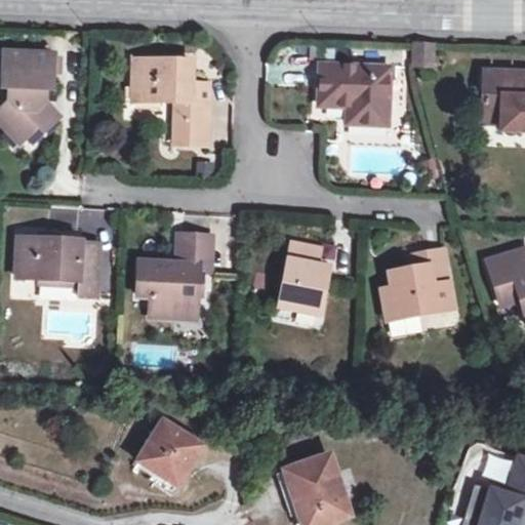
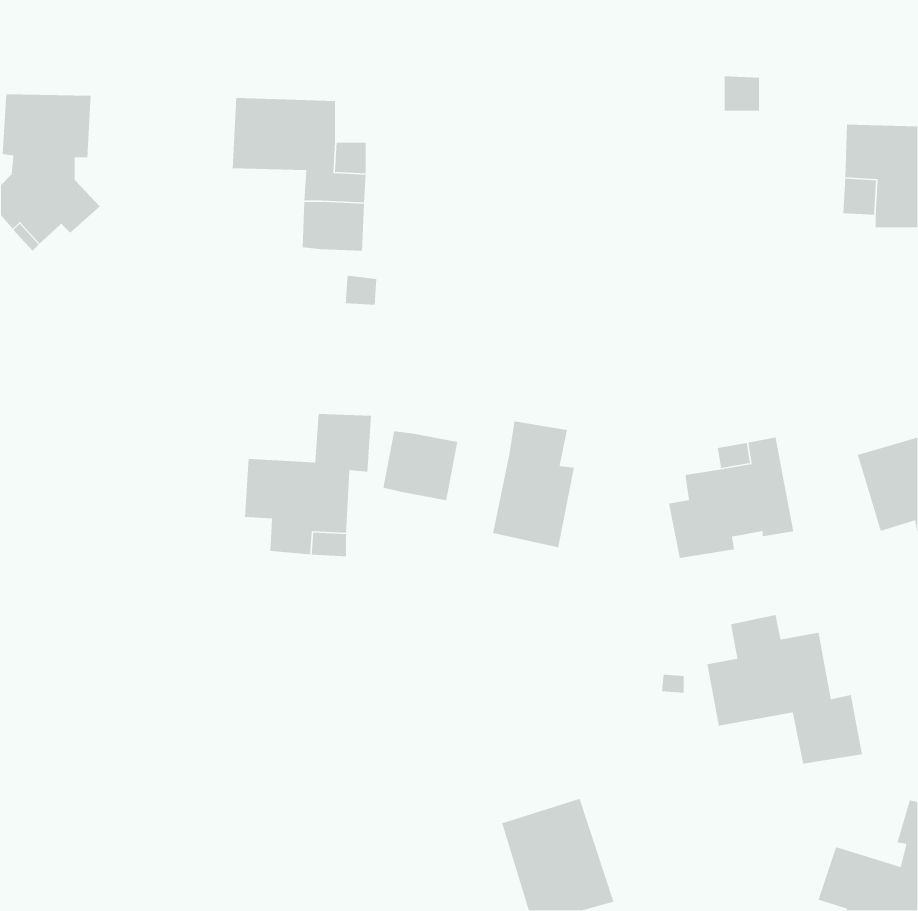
building: [318,63,391,121] -> none
building: [15,235,98,296] -> none
building: none -> [383,430,458,501]
building: none -> [707,614,863,765]
building: [138,419,204,486] -> none

